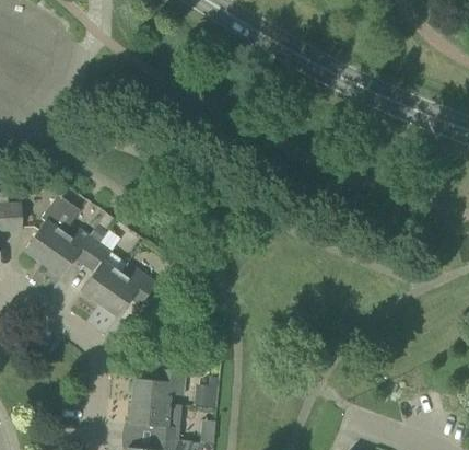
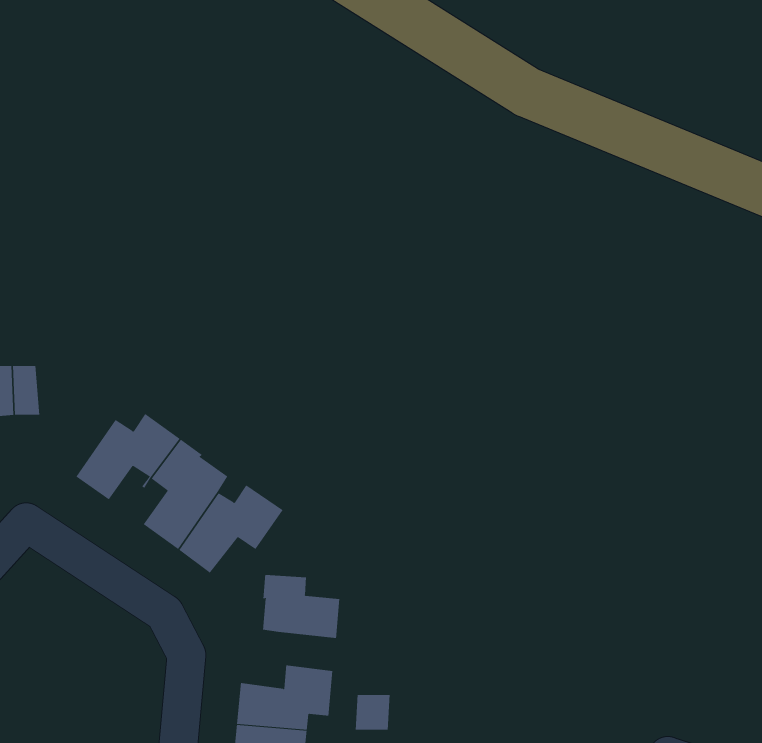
building: [23,195,81,265] -> none
building: none -> [263,574,340,639]

